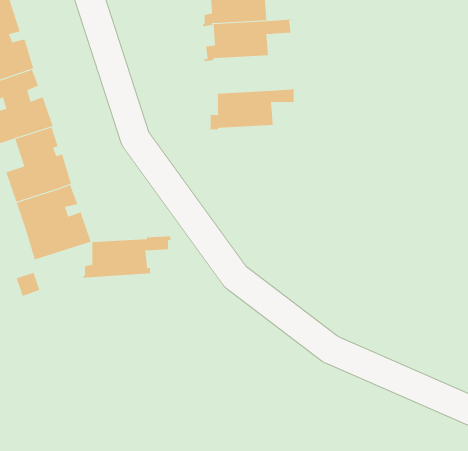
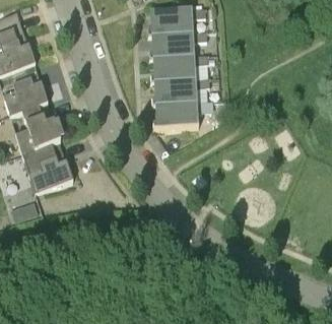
building: none -> [149,54,209,81]
building: [83,236,172,278] -> [152,100,212,128]

